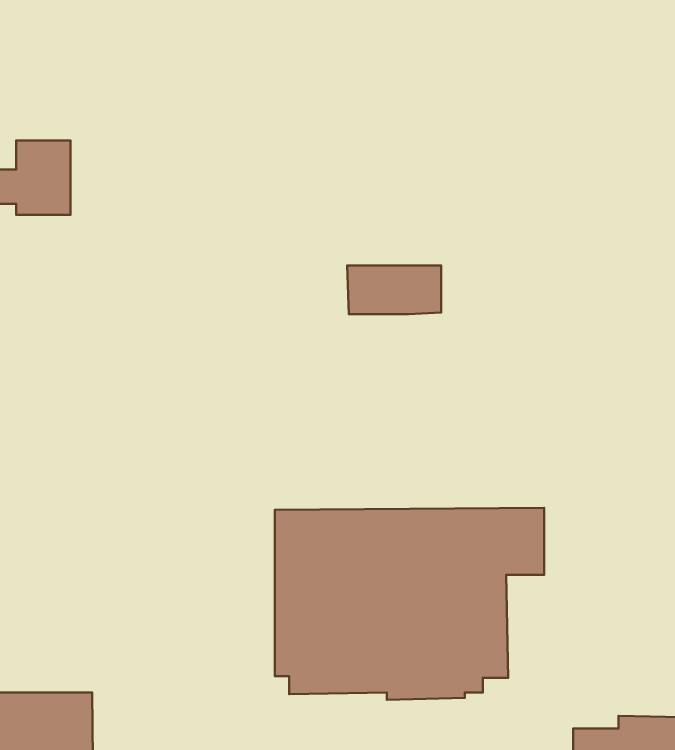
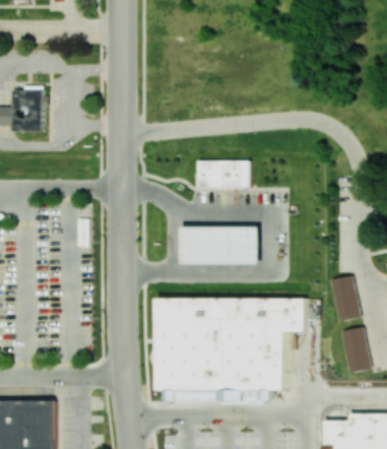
building: none -> [179,226,257,264]
building: none -> [330,274,360,320]
building: none -> [340,325,370,372]

